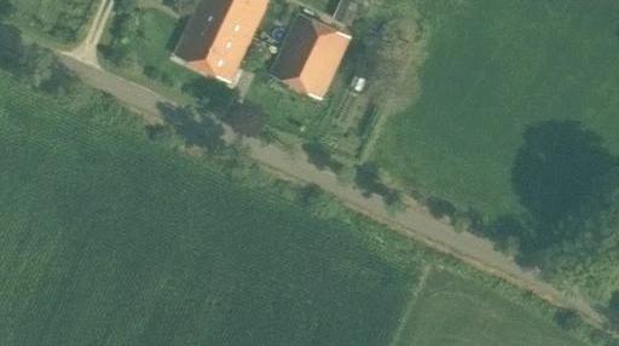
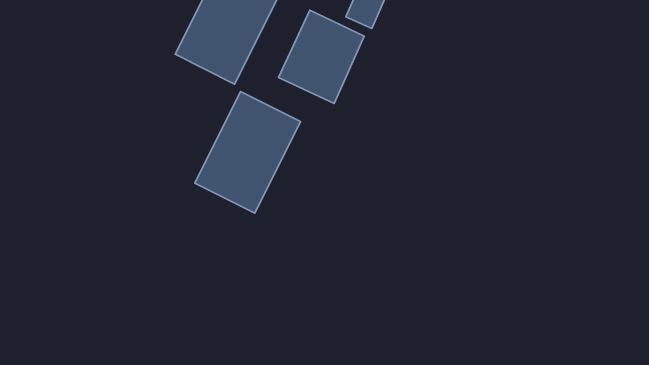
building: none -> [195,91,301,213]

